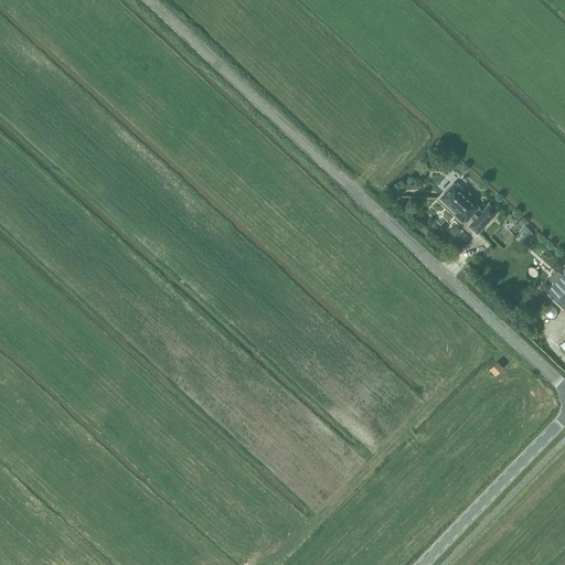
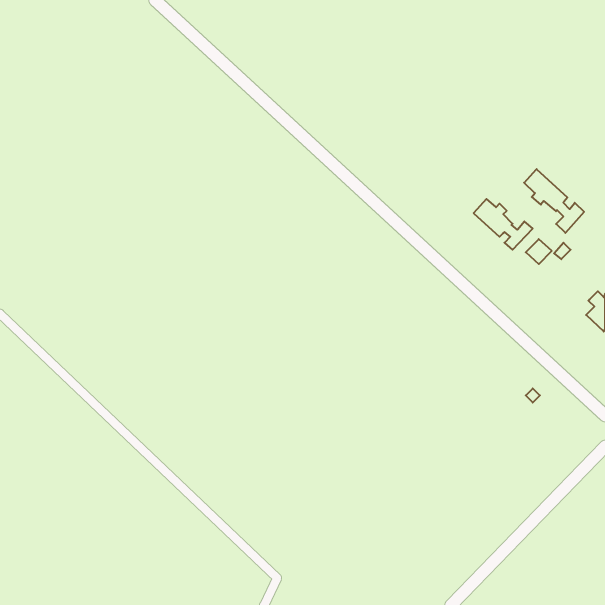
building: none -> [524,169,584,233]

